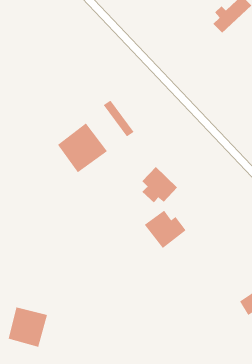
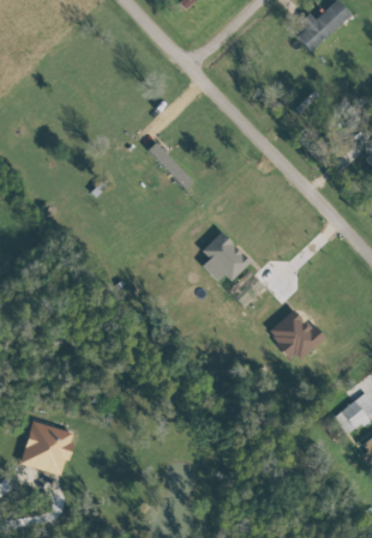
building: [57,123,108,173] -> none
building: [144,210,186,249] -> [268,310,325,363]

